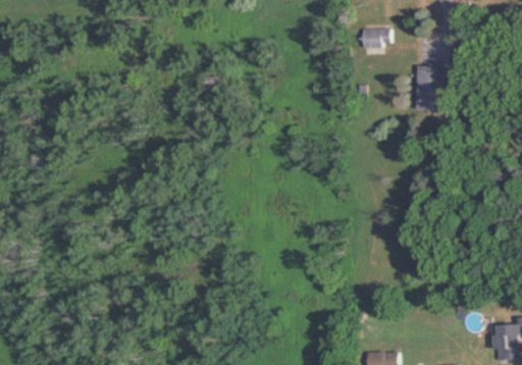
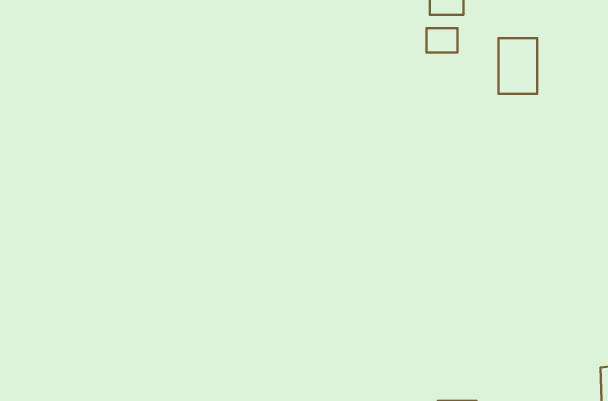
building: none -> [426,28,458,52]

